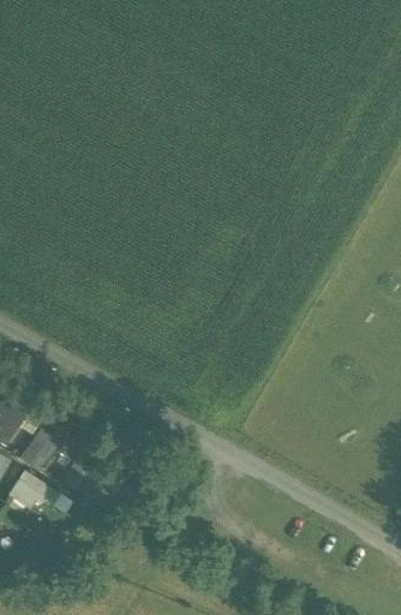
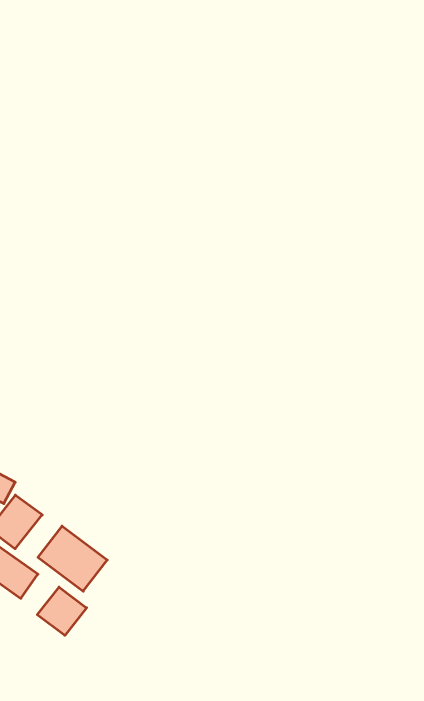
building: none -> [37,587,87,635]

